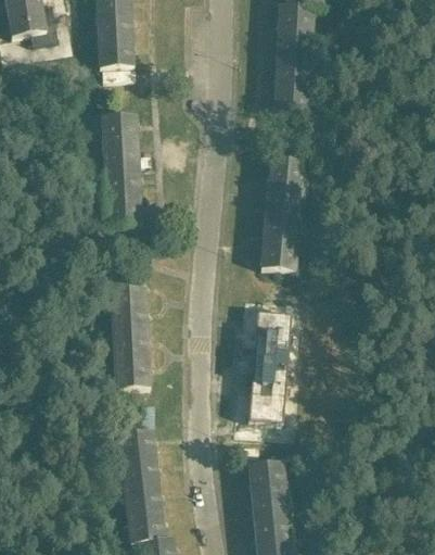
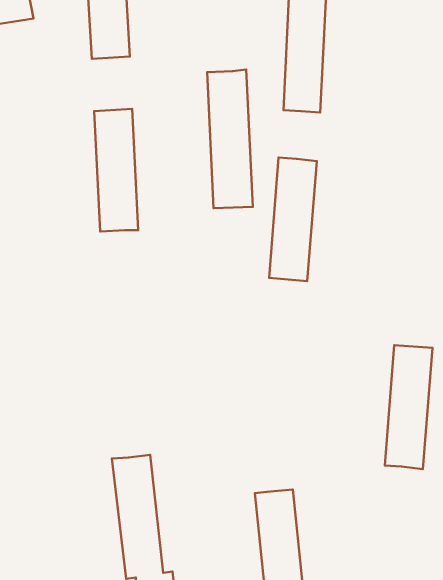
building: none -> [207,70,253,208]
building: [111,276,151,389] -> none
building: [248,312,292,425] -> [385,345,432,469]

